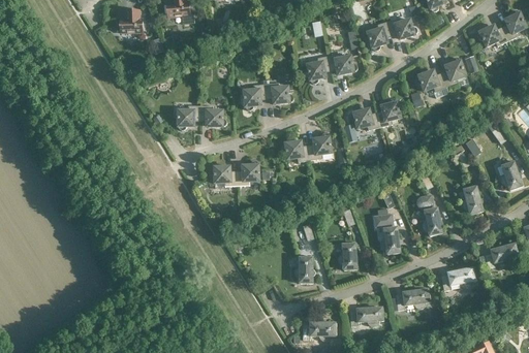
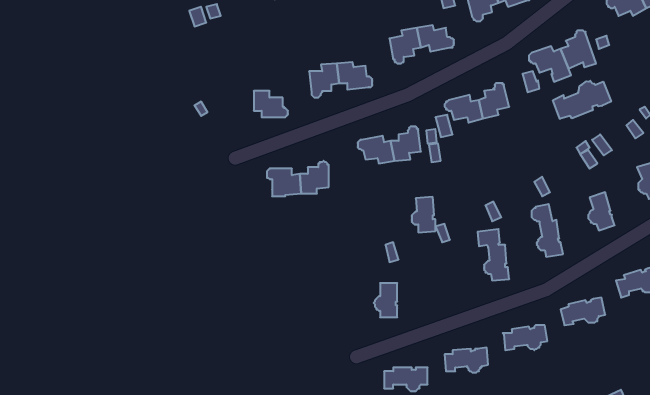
building: none -> [553,81,611,119]
building: [177,104,199,129] -> none
building: [338,242,356,269] -> [412,197,435,232]

